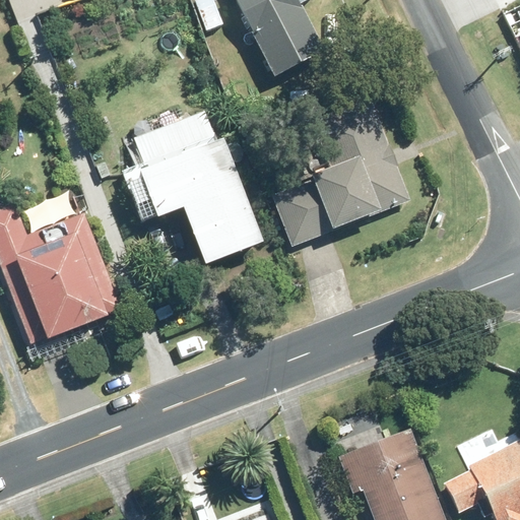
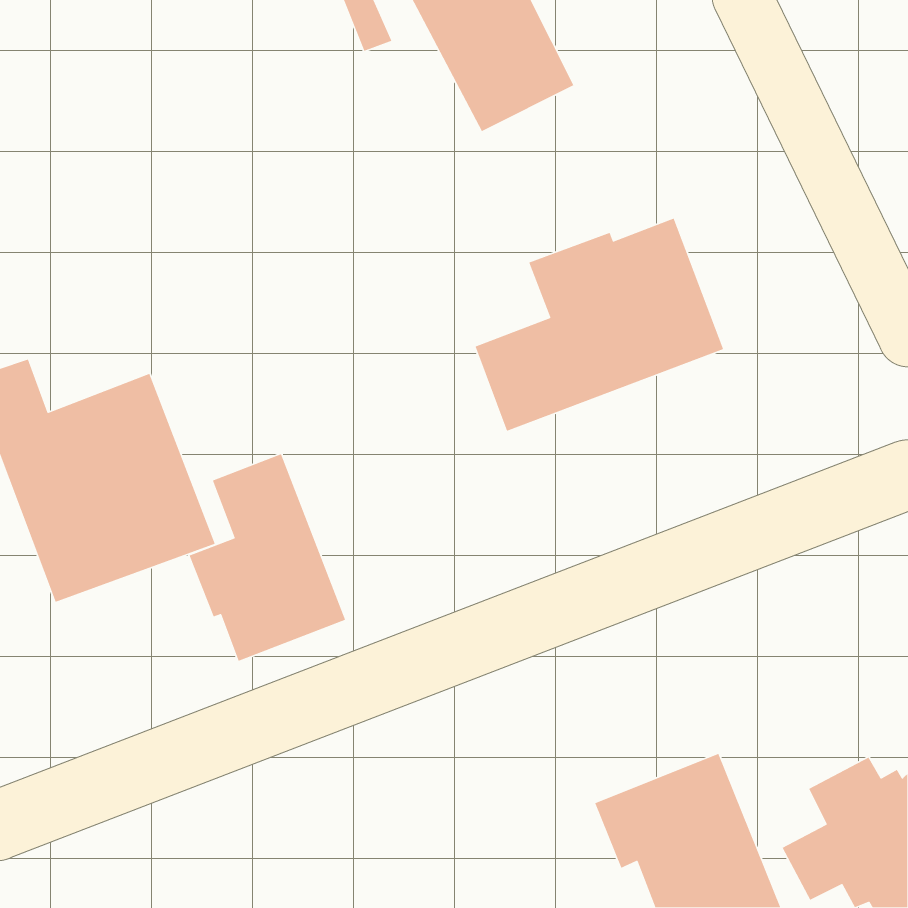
building: [122,110,265,265] -> none
building: none -> [188,453,346,662]

